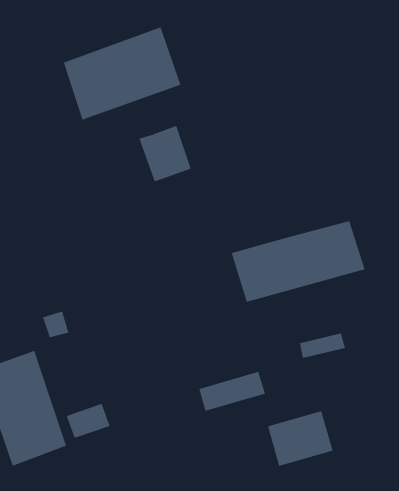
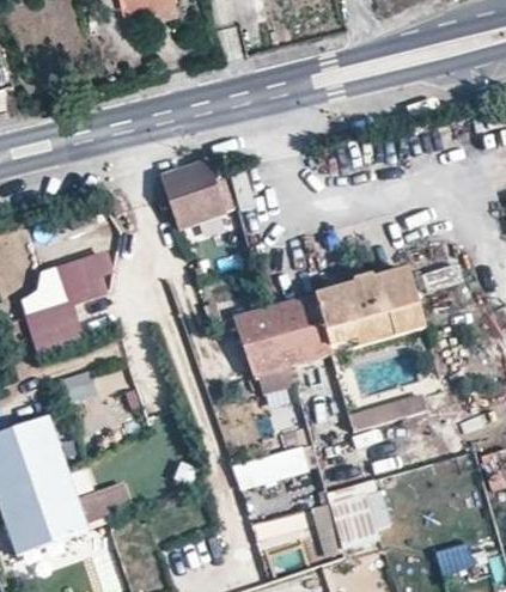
building: [63,27,181,121] -> none
building: none -> [24,251,115,358]
building: none -> [233,307,287,374]

